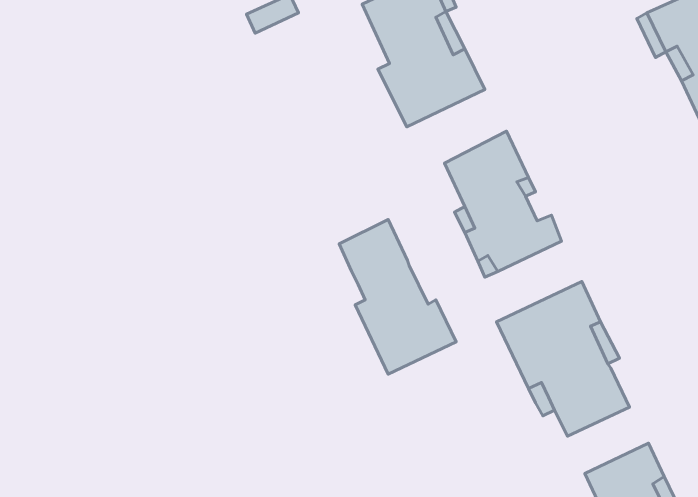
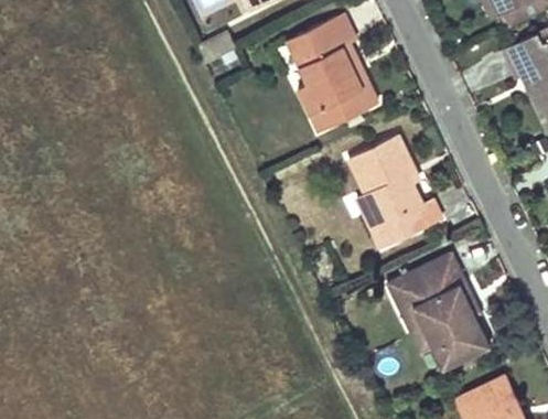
building: [339,220,456,374] -> none

